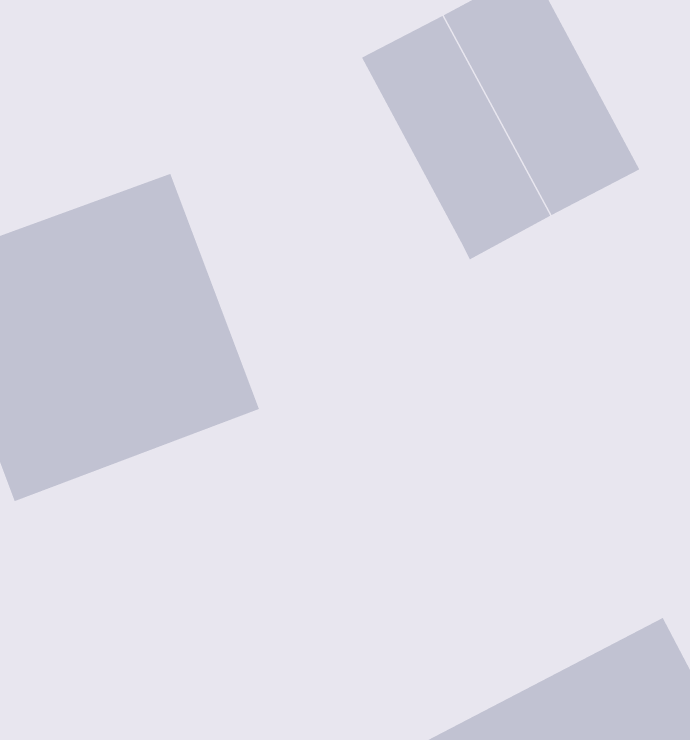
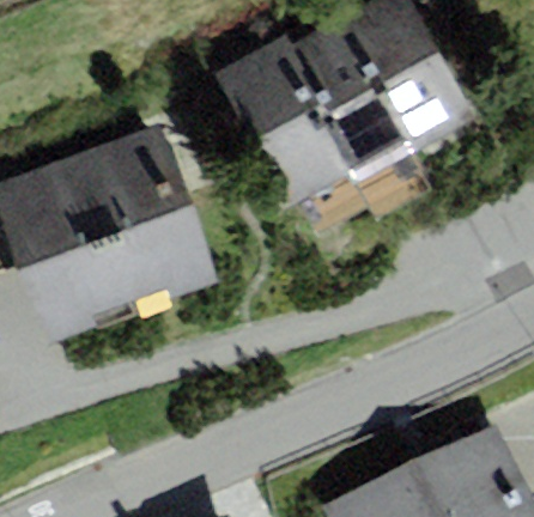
building: none -> [216,37,353,206]

